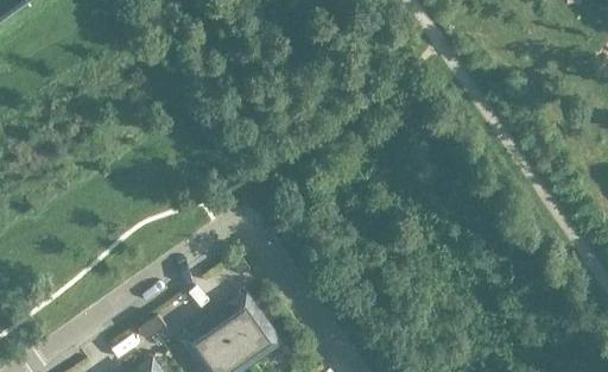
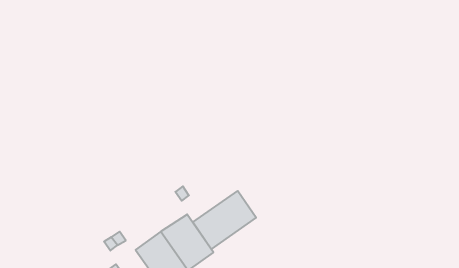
building: none -> [193,191,256,249]

